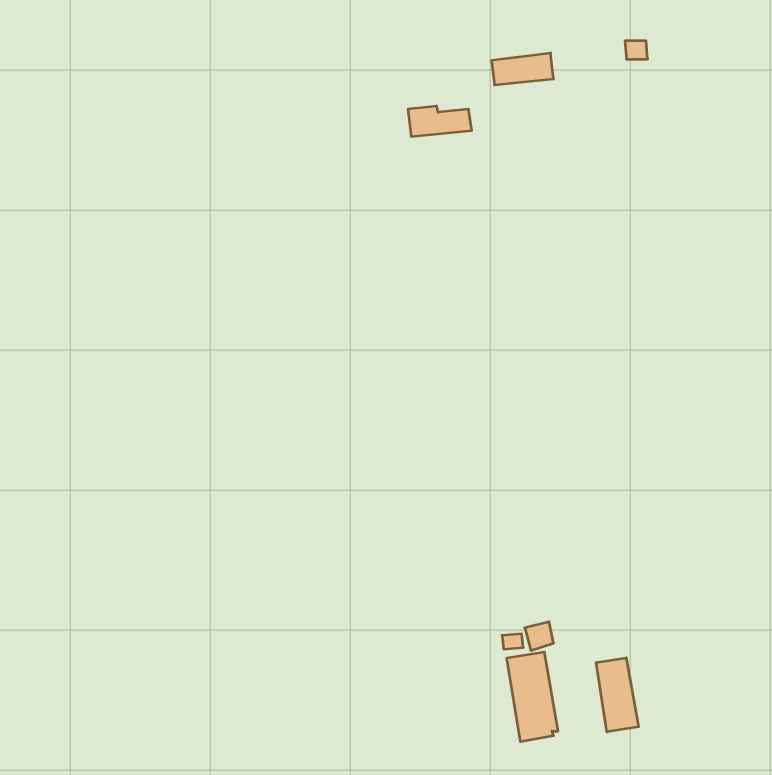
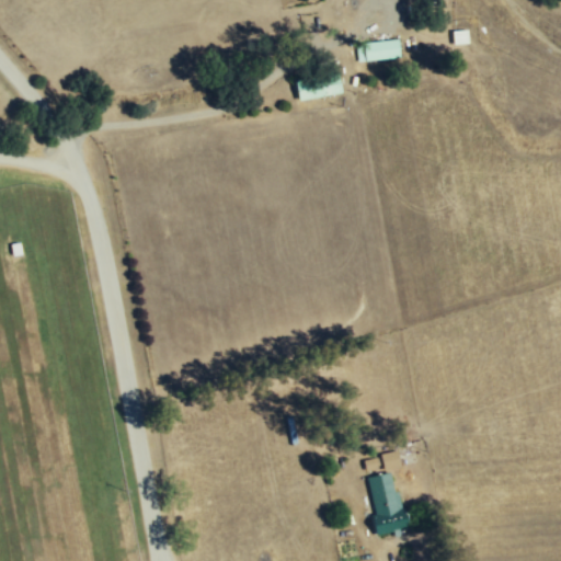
building: [596,658,639,732] -> none

